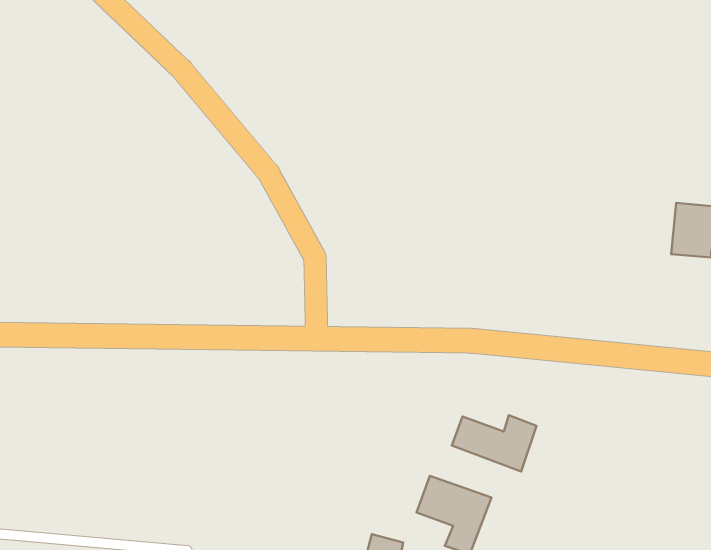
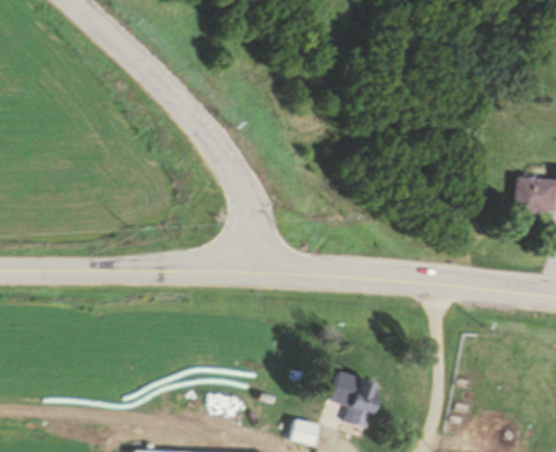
building: [452,415,536,471] -> none

